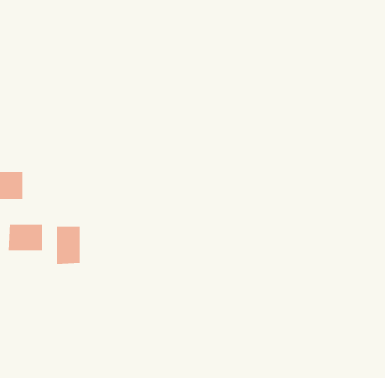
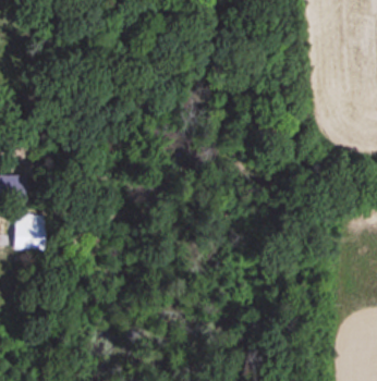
building: [56,226,80,265] -> none

